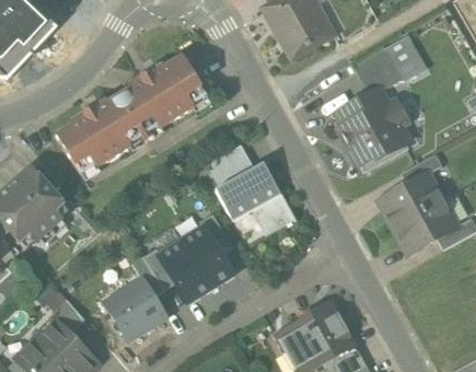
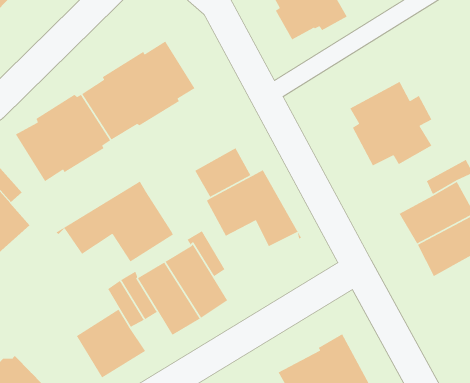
building: [355,39,421,94] -> none
building: none -> [56,181,174,263]
building: [48,299,84,334] -> none

